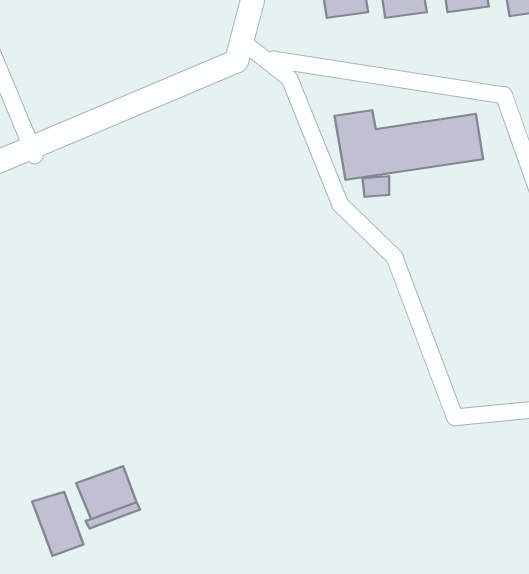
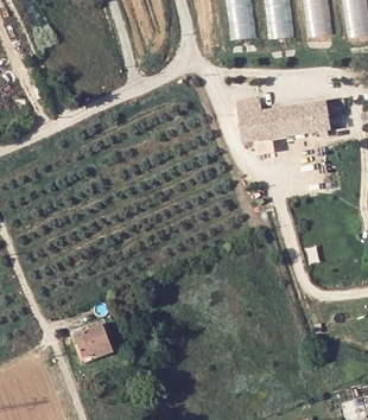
building: [32,492,83,556] -> none

